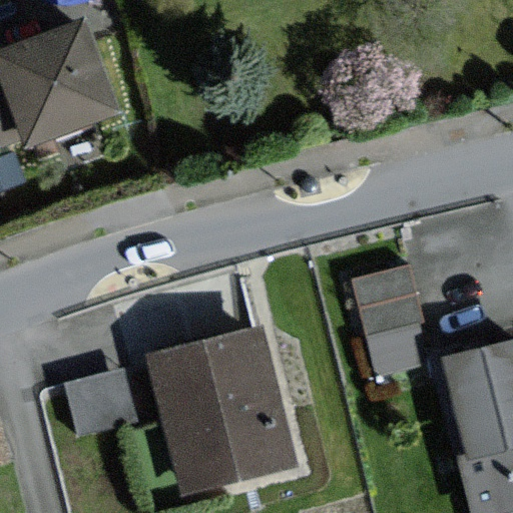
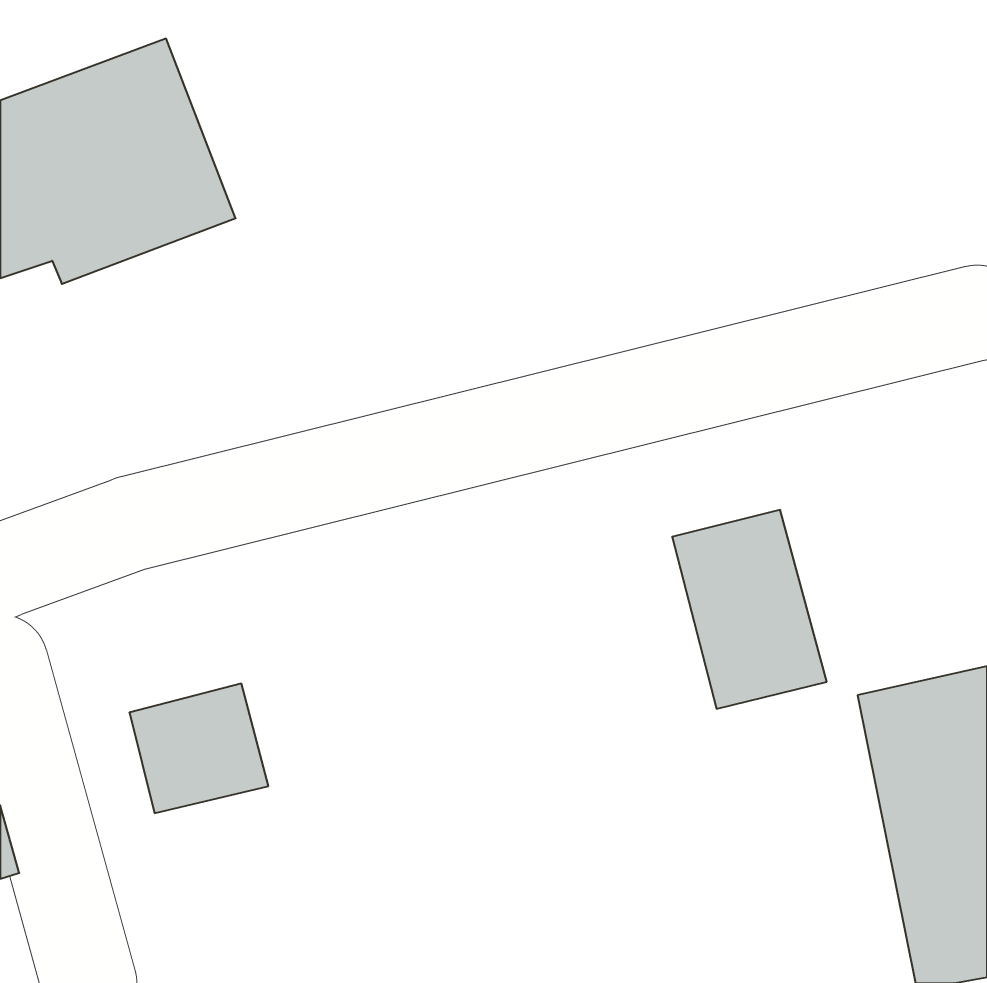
building: [148,327,293,494] -> none

